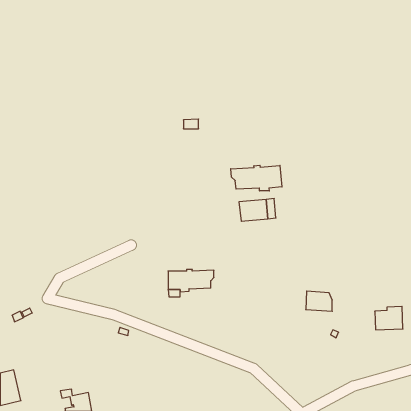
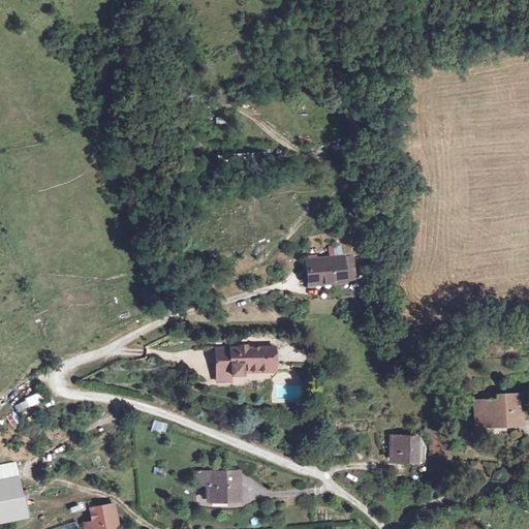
building: [231,165,282,191] -> none
building: [306,291,332,311] -> [391,435,425,461]
building: none -> [197,471,240,500]

